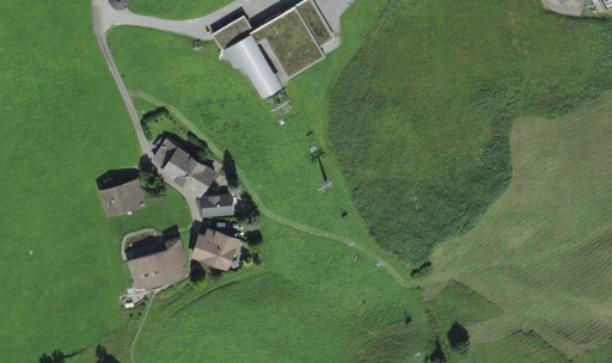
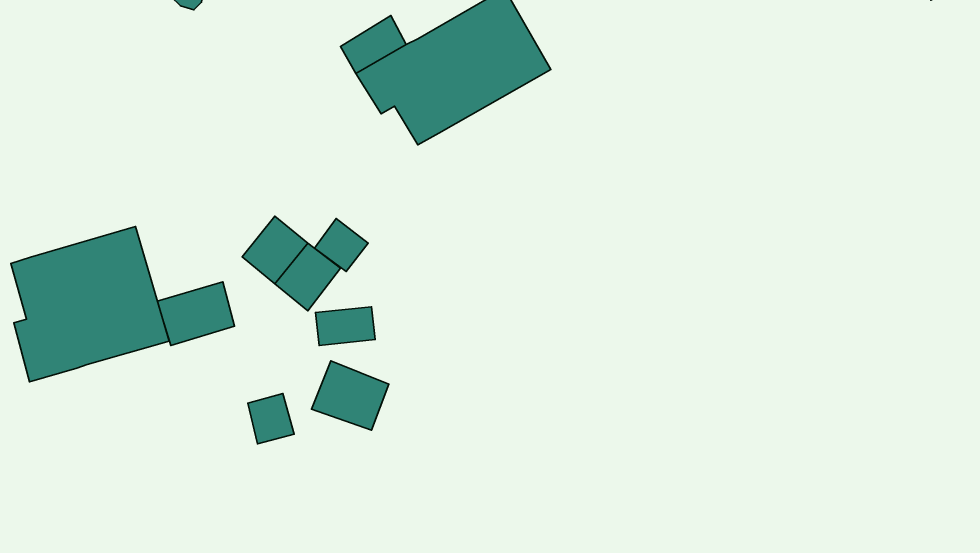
building: none -> [314,219,368,271]
building: none -> [11,226,169,382]
building: [131,253,160,284] -> none

